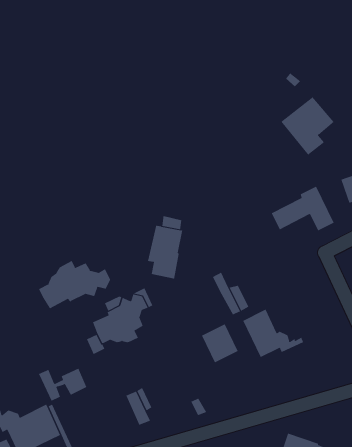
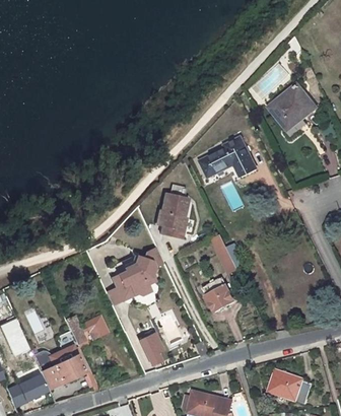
building: [271,186,335,231] -> [201,139,255,178]
building: [38,260,111,309] -> none
building: [243,309,304,358] -> none

